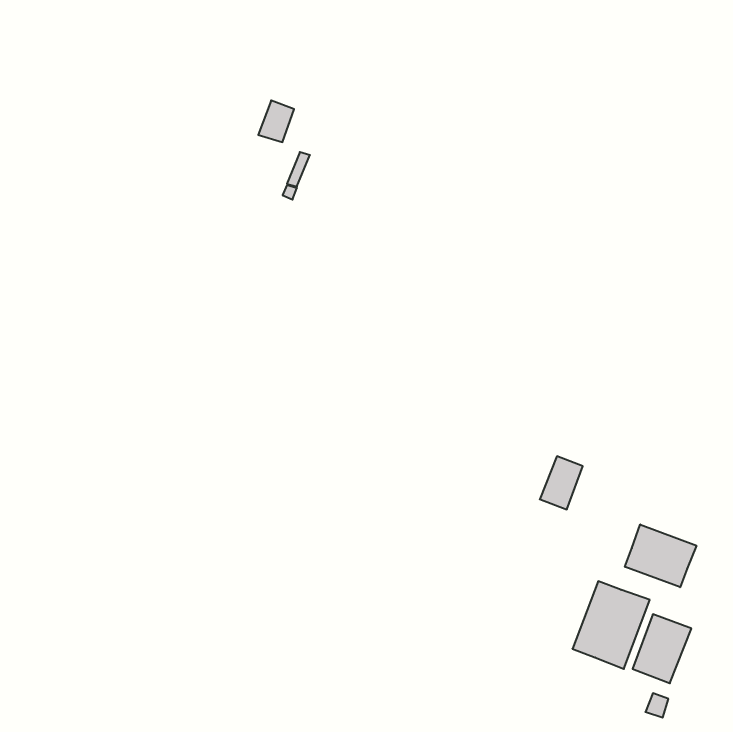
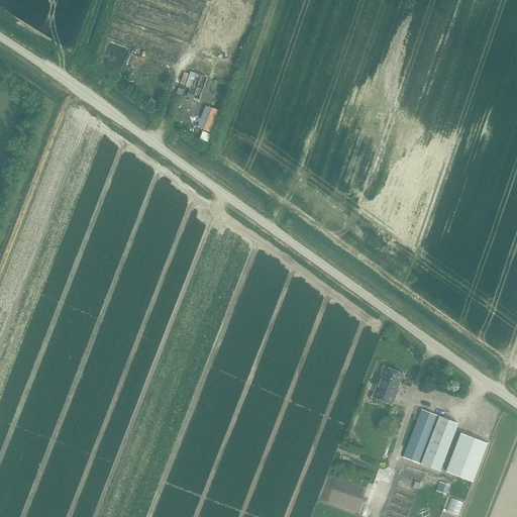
building: [540,456,583,509] -> [372,366,402,403]
building: [625,524,696,587] -> none

